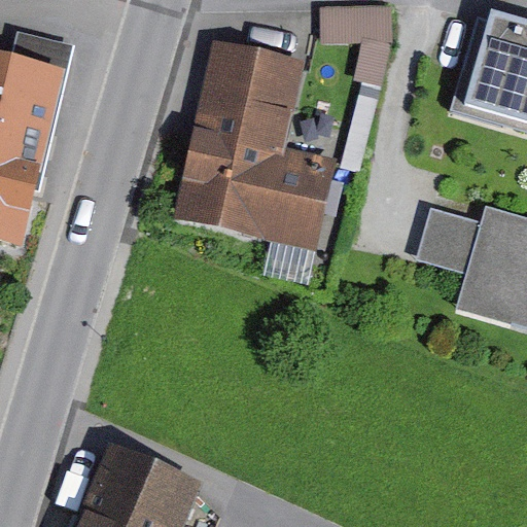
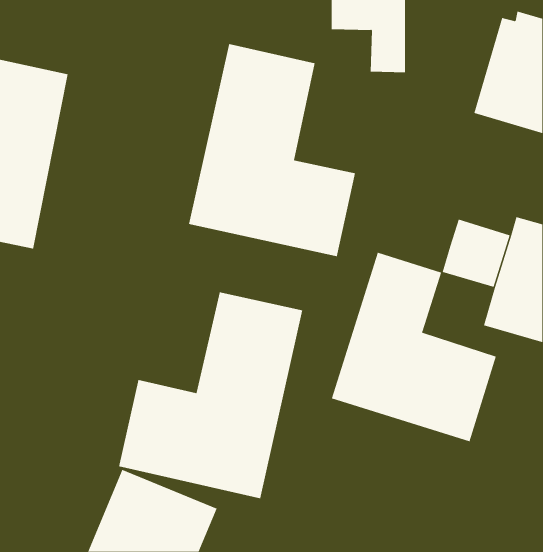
building: none -> [331,252,497,442]
building: none -> [118,292,303,499]

